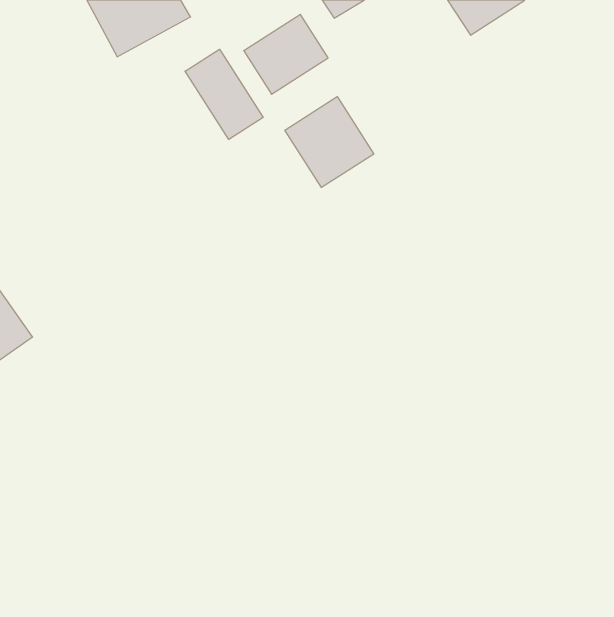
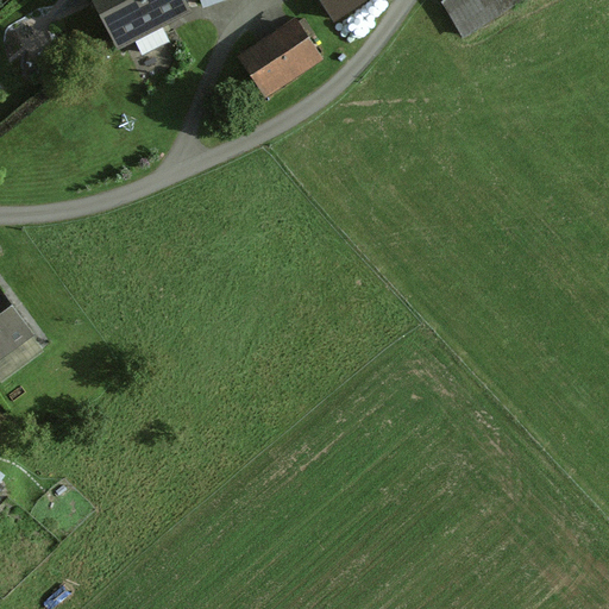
building: [185,49,263,139] -> none
building: [285,97,374,187] -> none

